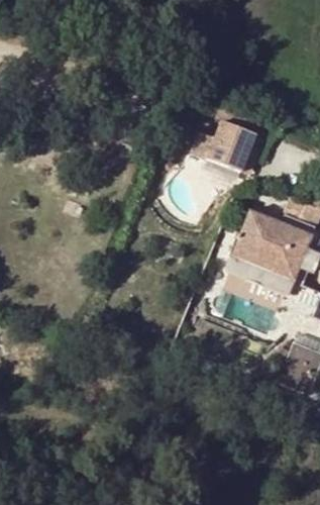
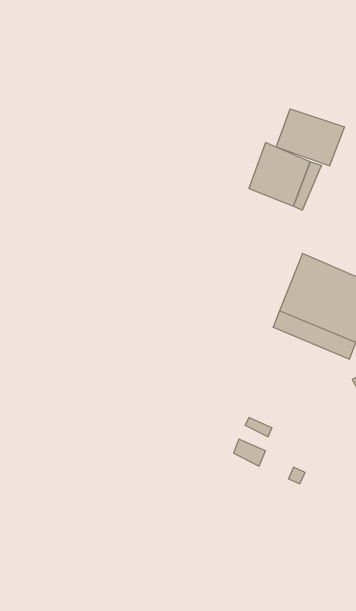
building: none -> [276,109,345,166]

